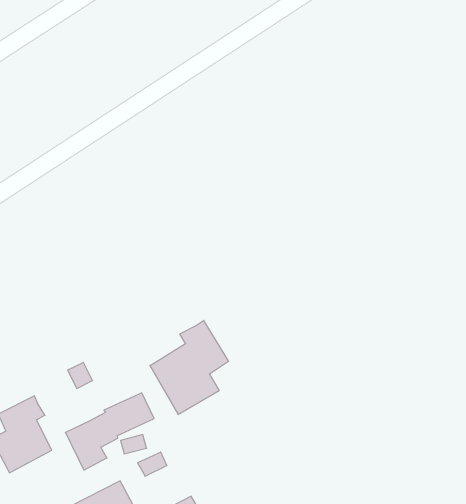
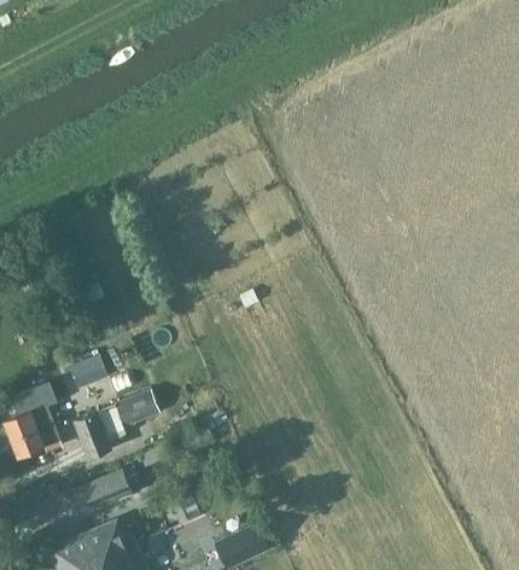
building: [150,320,229,414] -> none

